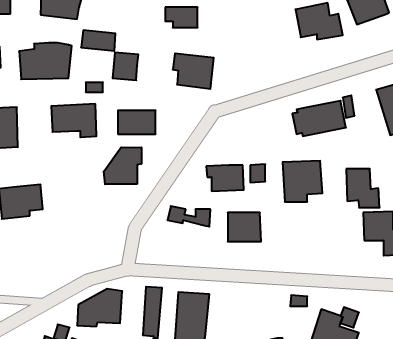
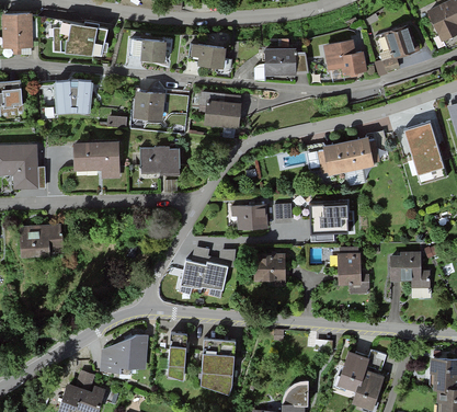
building: none -> [264,52,297,78]
building: [81,30,115,51] -> [130,43,165,64]
building: [104,147,141,184] -> none
building: [346,169,380,208] -> [338,254,372,294]
building: none -> [181,260,229,296]

